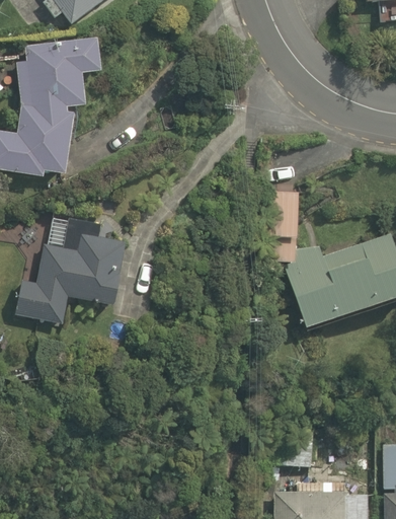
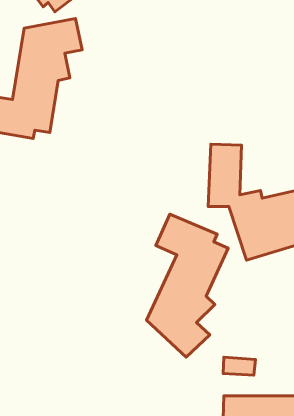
building: [17,213,131,329] -> none
building: none -> [147,214,228,357]

